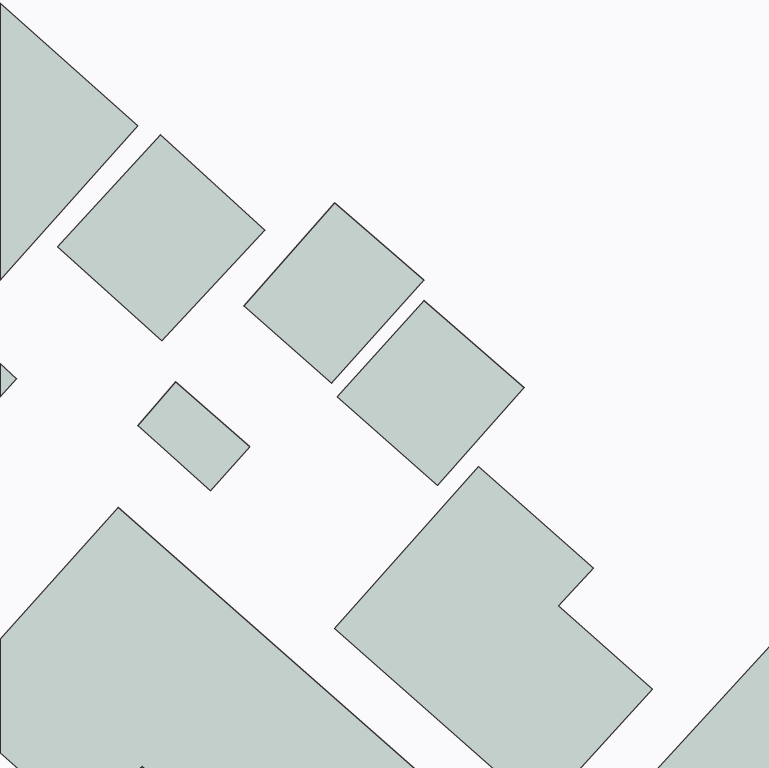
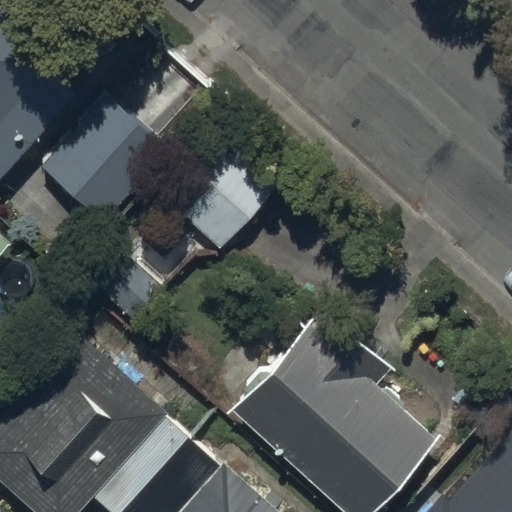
building: [337,300,524,485] -> none

